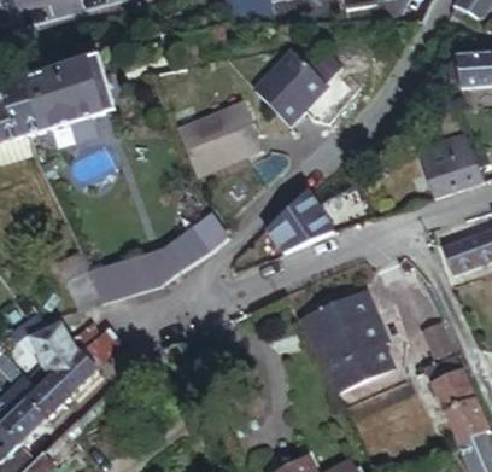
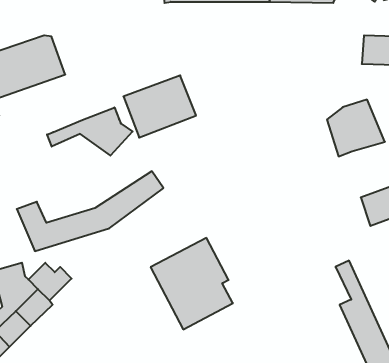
building: [253,46,344,124] -> none
building: none -> [47,107,133,156]
building: [266,187,329,249] -> none
building: [299,286,393,391] -> [151,238,233,329]

